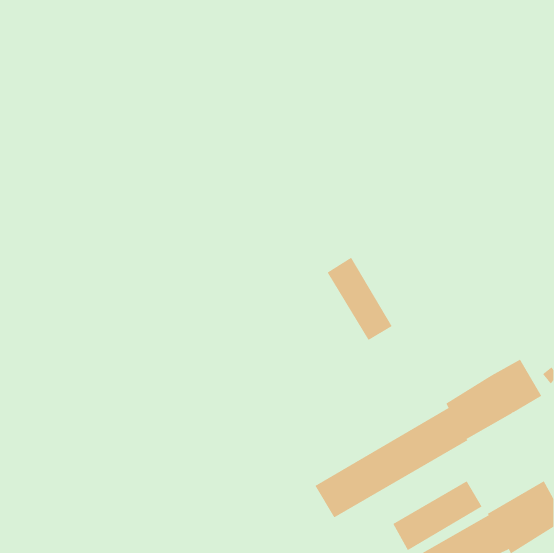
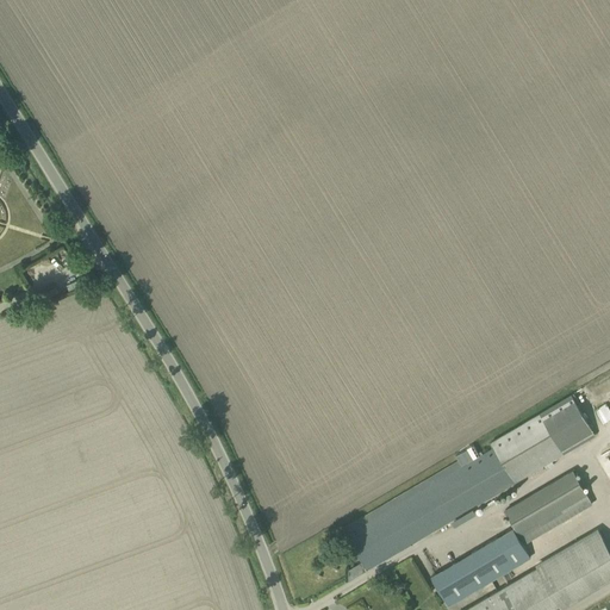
building: [327,257,392,341] -> none
building: none -> [504,471,592,546]

